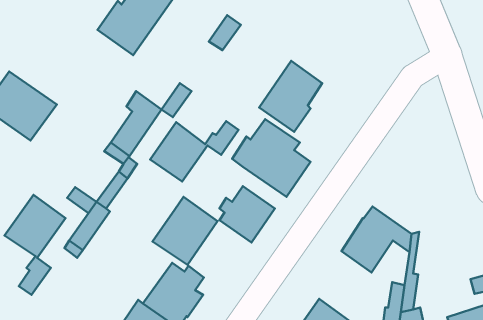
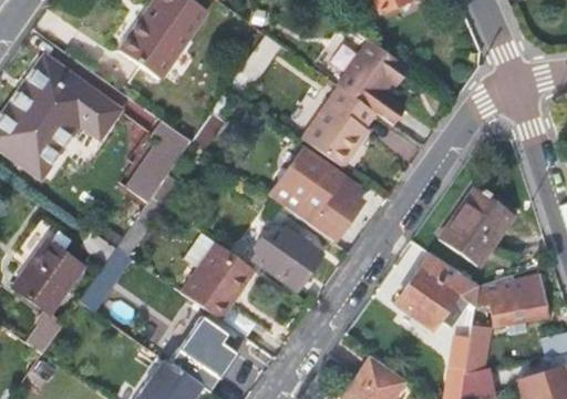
building: none -> [337,40,405,124]
building: none -> [17,59,120,139]
building: [150,121,238,182] -> none
building: none -> [445,188,516,265]
building: none -> [488,276,544,337]

